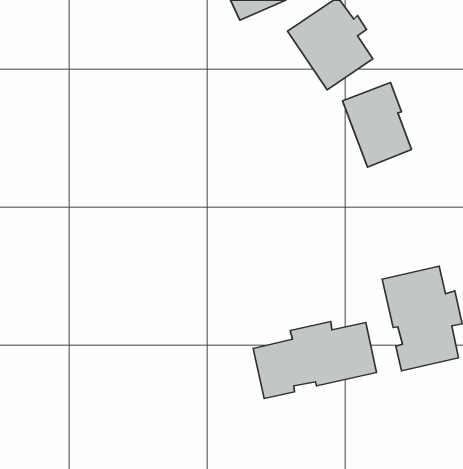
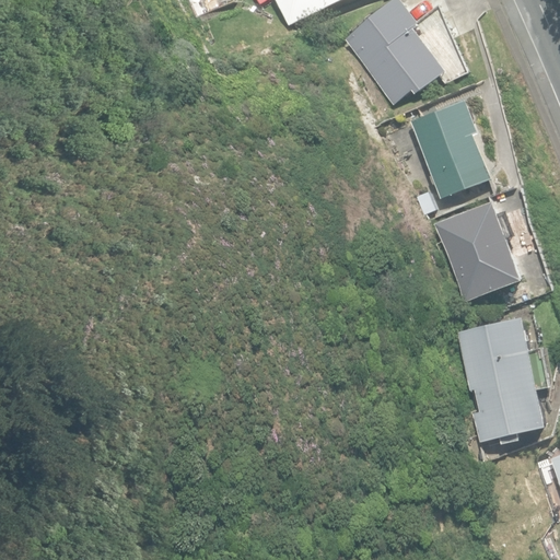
building: none -> [432,202,523,302]
building: [253,321,377,399] -> none

